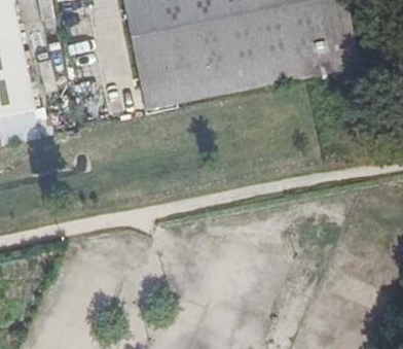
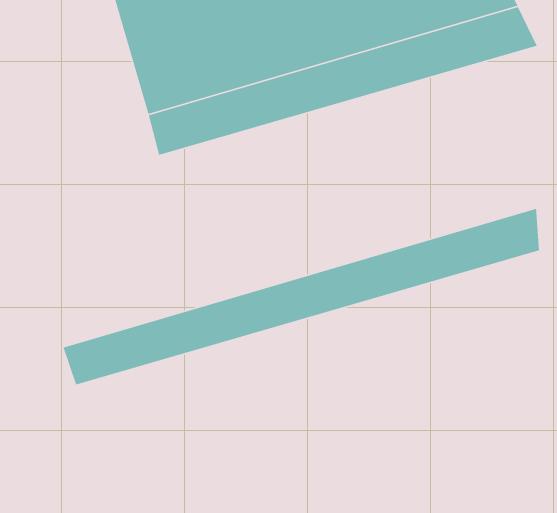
building: none -> [63,208,540,385]

